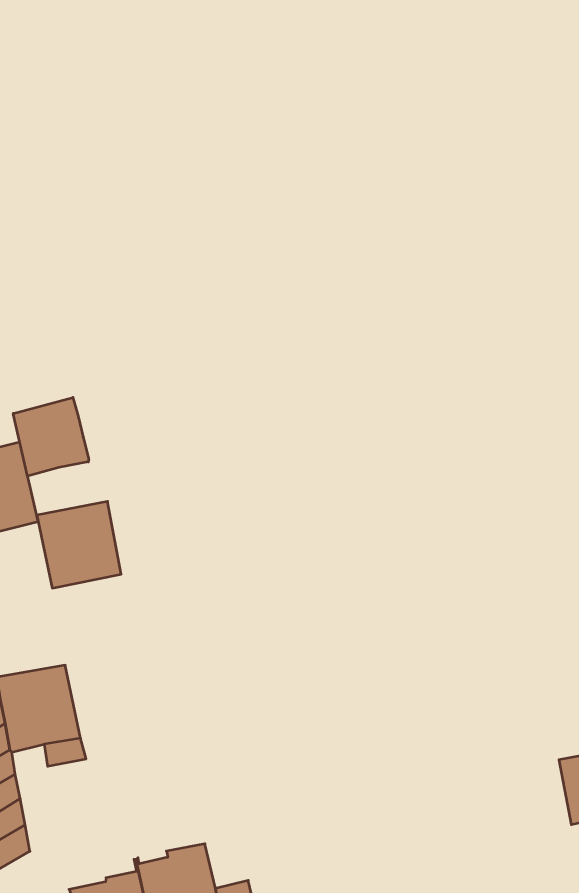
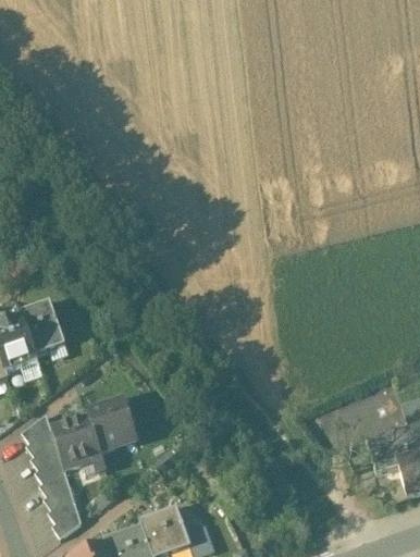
building: [13,397,89,476] -> none
building: [37,501,121,588] -> [87,399,137,450]

